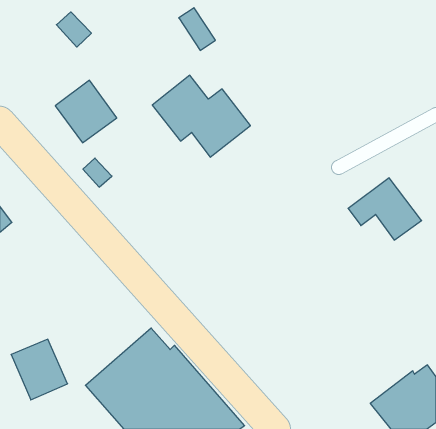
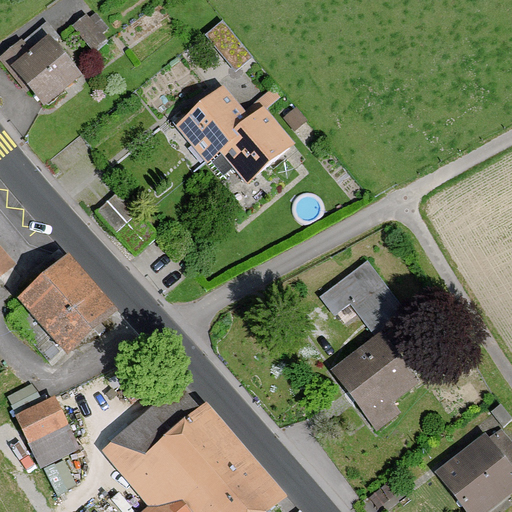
building: [55,80,117,143] -> [8,34,80,107]
building: [348,178,422,240] -> [317,260,403,333]
building: none -> [24,258,119,354]
building: none -> [334,321,435,431]

